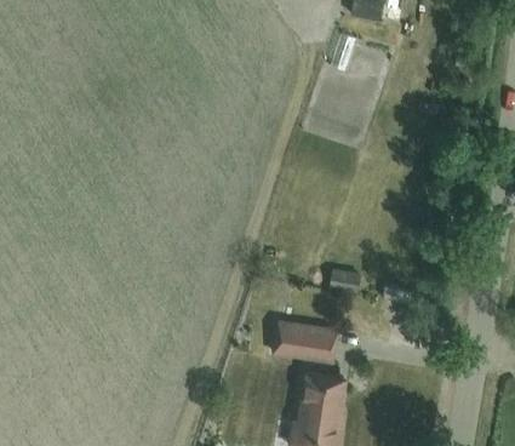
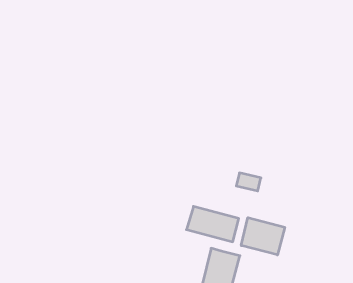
building: none -> [241,218,285,255]

